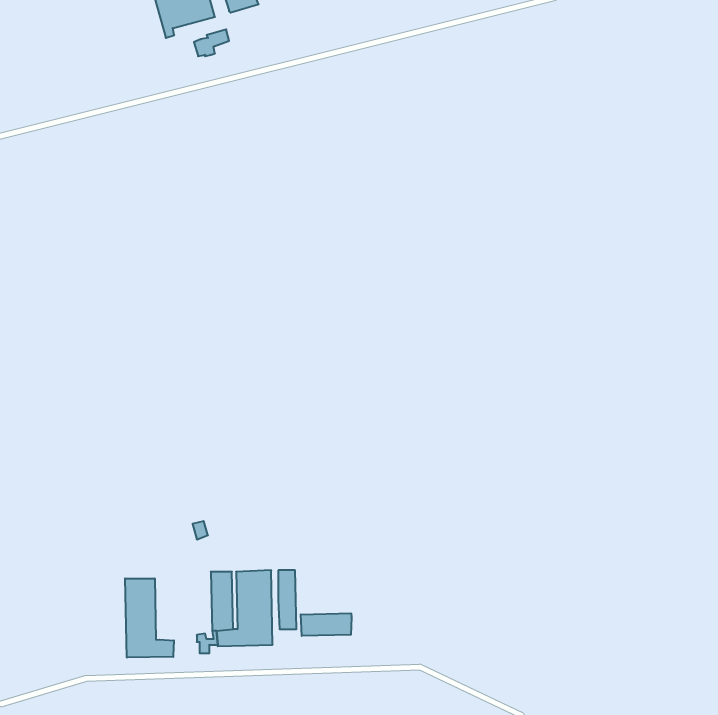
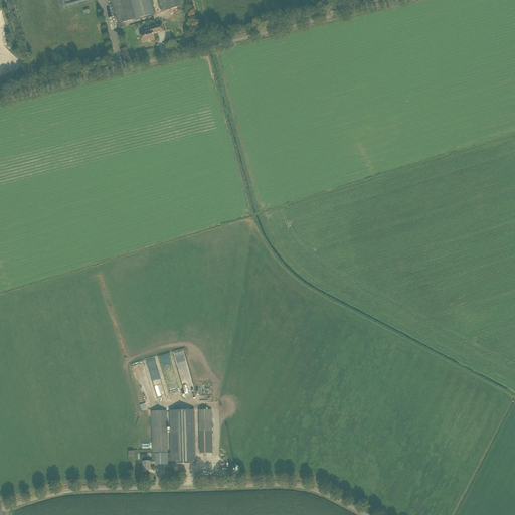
building: [125,578,174,658] -> none
building: [301,613,351,636] -> none

